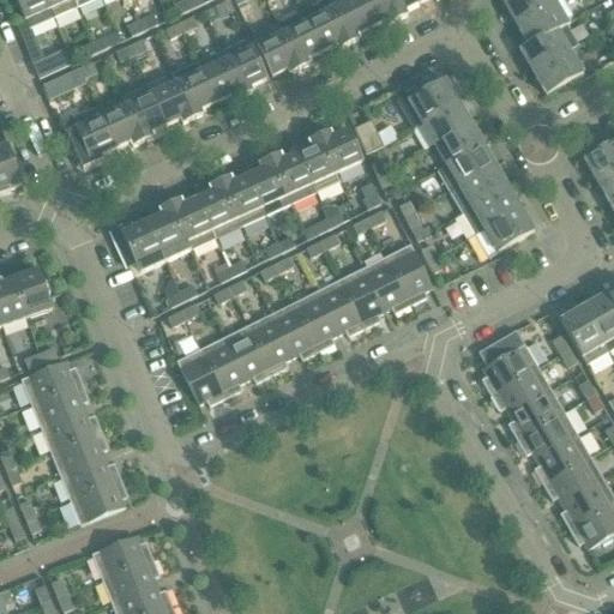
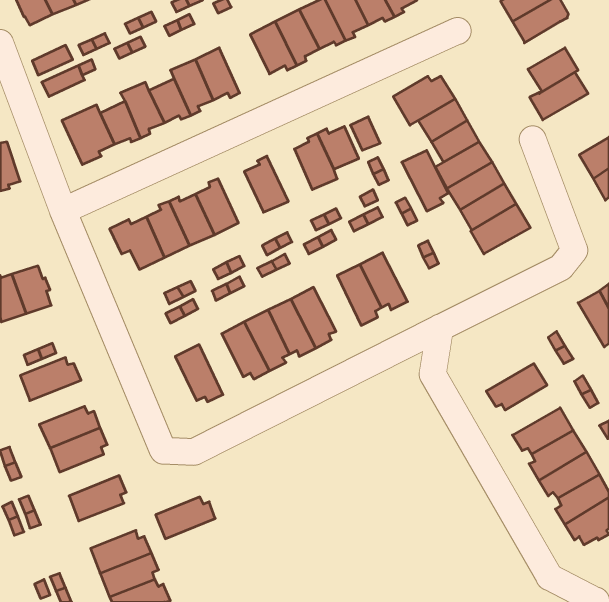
building: [518,22,577,70] -> [530,72,588,120]
building: [221,36,265,94] -> none
building: [269,150,314,203] -> none
building: [219,173,265,224] -> none
building: [385,242,432,303] -> [402,150,448,211]
building: [315,277,363,335] -> none
building: [560,305,608,362] -> none
building: [477,327,537,393] -> none
building: [200,336,245,397] -> none
building: [30,383,89,427] -> none
building: [507,387,564,438] -> none
building: [60,457,120,499] -> [156,497,215,539]

